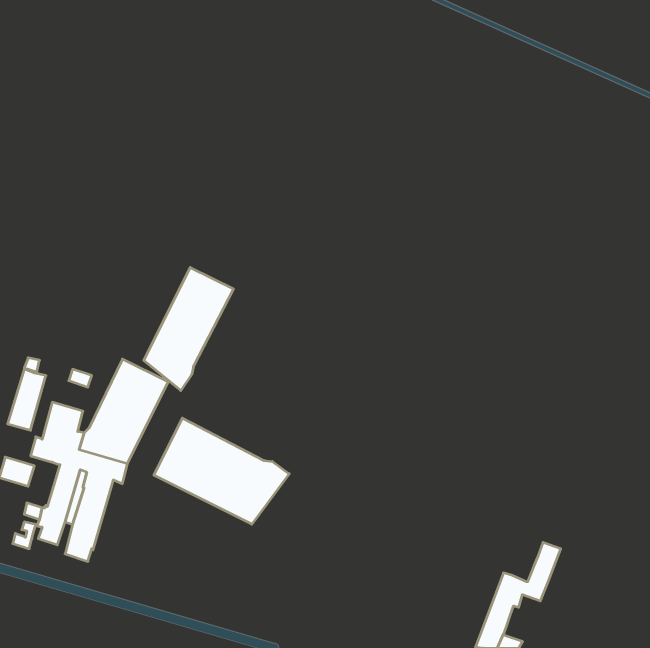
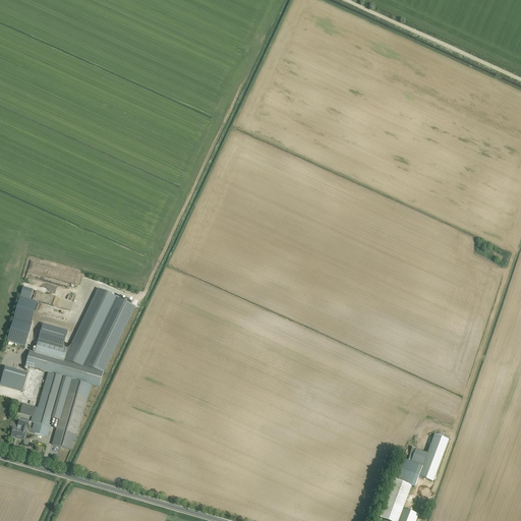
building: [144,267,233,391] -> none
building: [154,418,289,524] -> none

